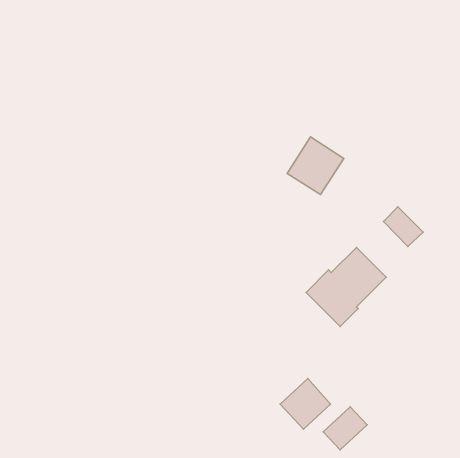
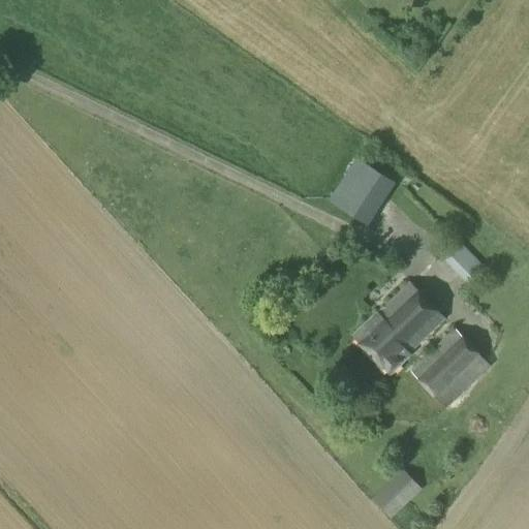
building: none -> [410,326,490,407]
building: [280,379,331,429] -> none

